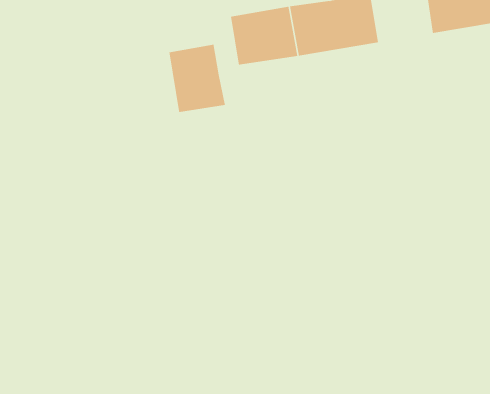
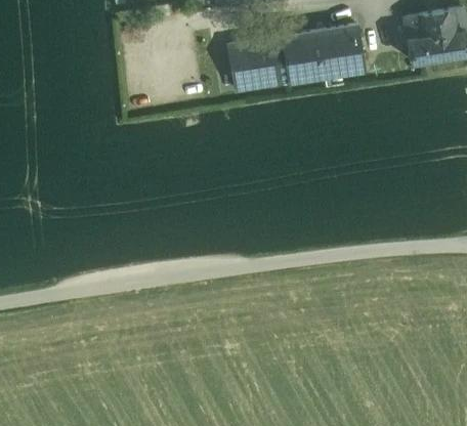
building: [169,44,225,113] -> none

